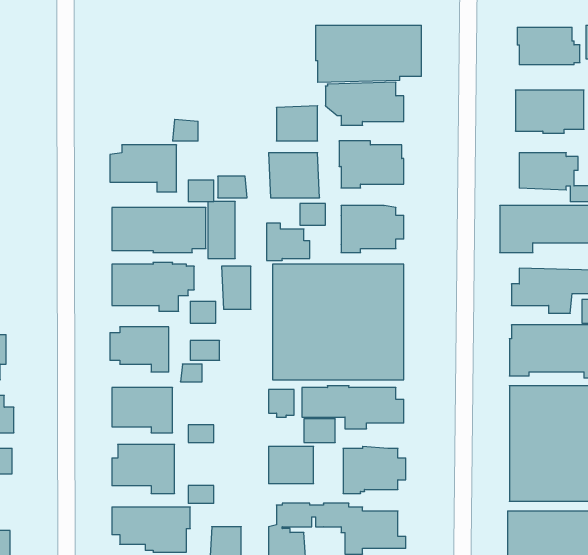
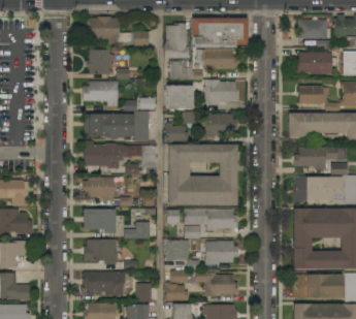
building: none -> [84,15,149,45]
building: none -> [164,22,189,58]
building: none -> [86,49,115,73]

